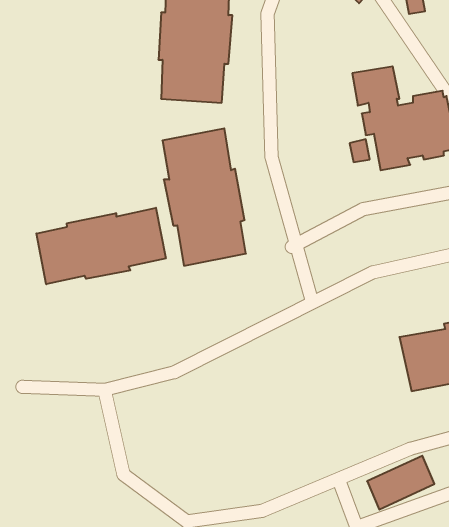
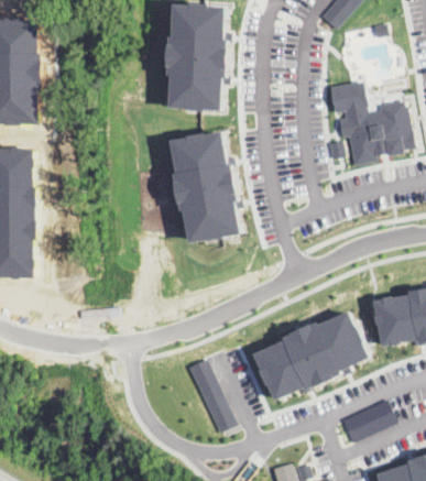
building: [36,208,166,284] -> none
building: none -> [253,311,371,401]
building: none -> [189,359,238,434]

